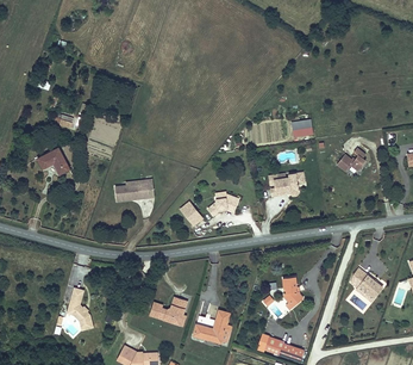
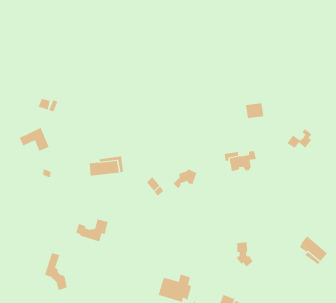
building: [149,297,186,323] -> [75,219,108,242]

